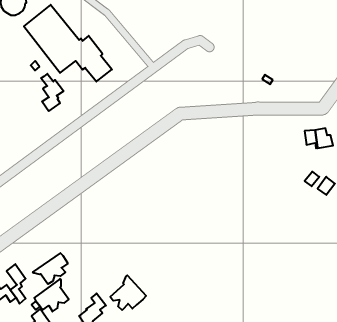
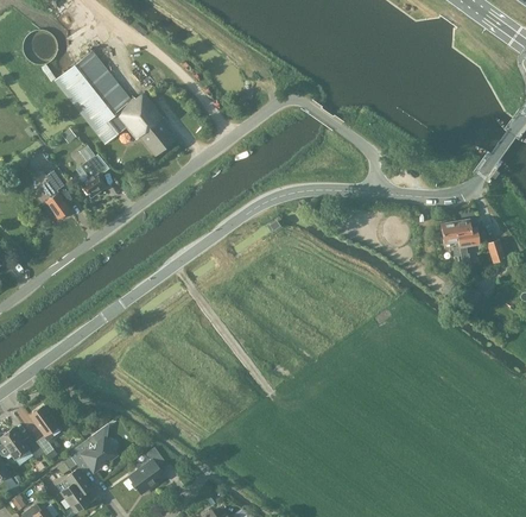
building: none -> [42,170,70,219]
building: [33,253,68,284] -> none
building: [110,275,146,310] -> none

